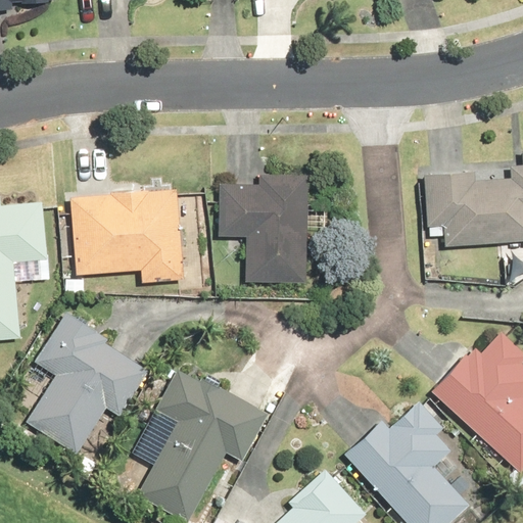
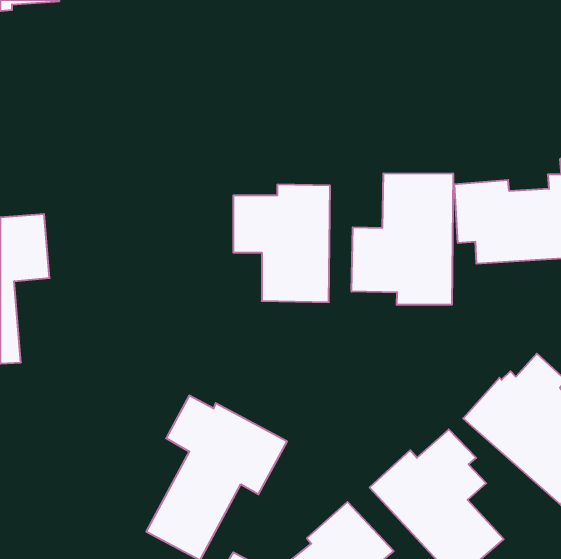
building: none -> [352,173,453,305]
building: [69,188,183,284] -> none
building: [25,312,150,455] -> none

